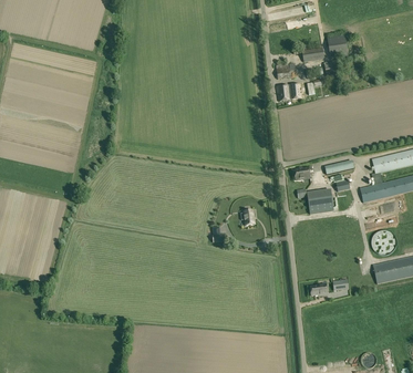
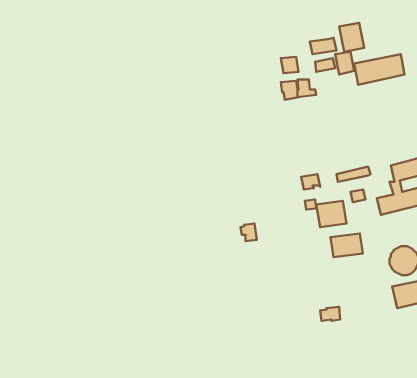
building: none -> [354,54,405,85]
building: none -> [331,233,363,257]

